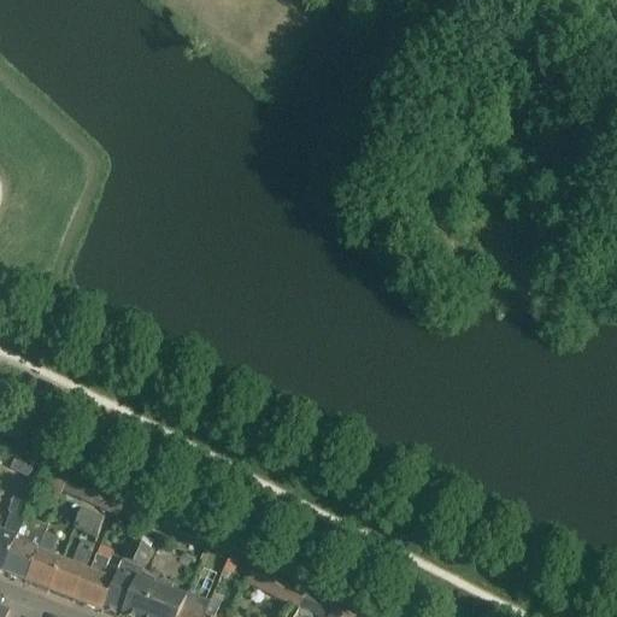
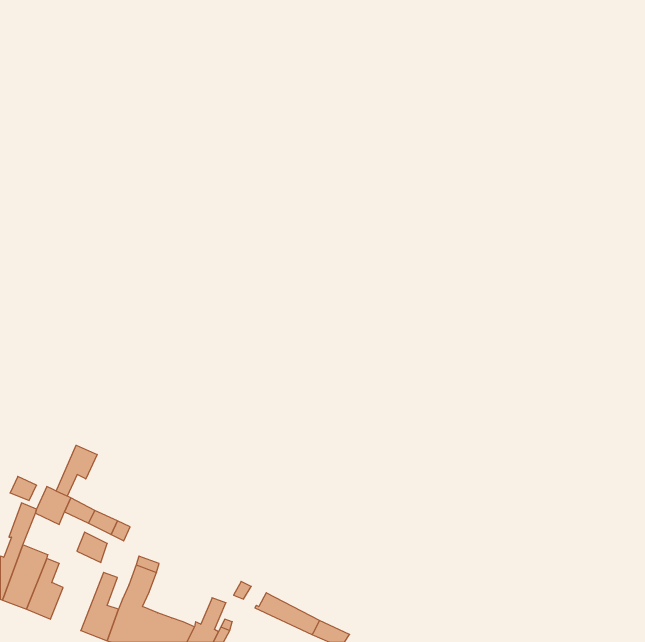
building: none -> [56,445,97,496]
building: [48,540,94,600] -> none

